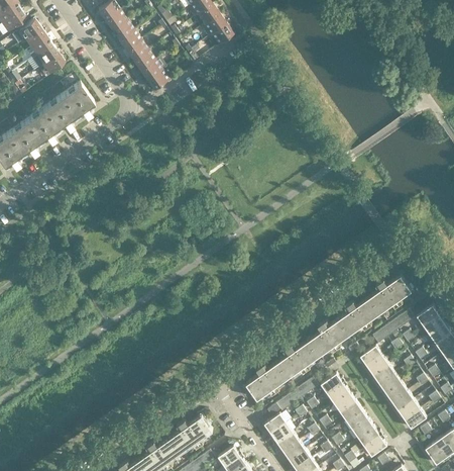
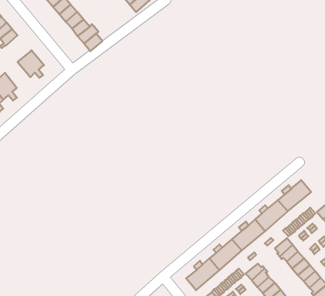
building: [44,96,76,131] -> none

